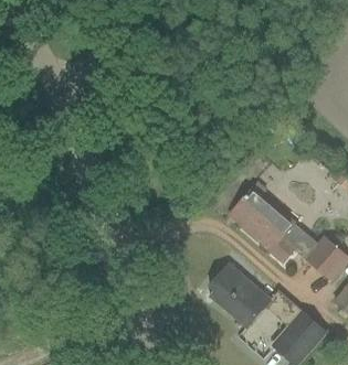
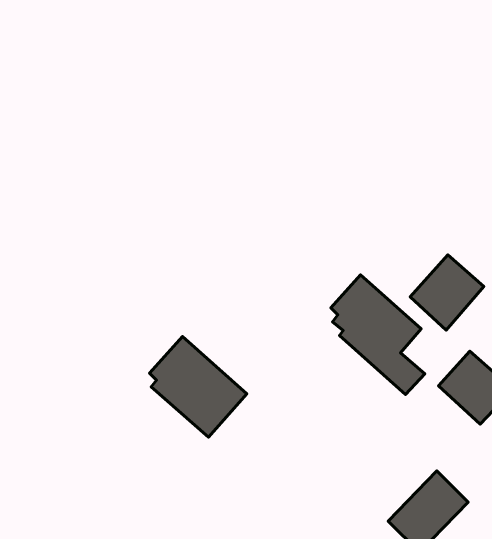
building: none -> [410,255,484,330]
building: [208,261,270,325] -> [150,337,247,437]

